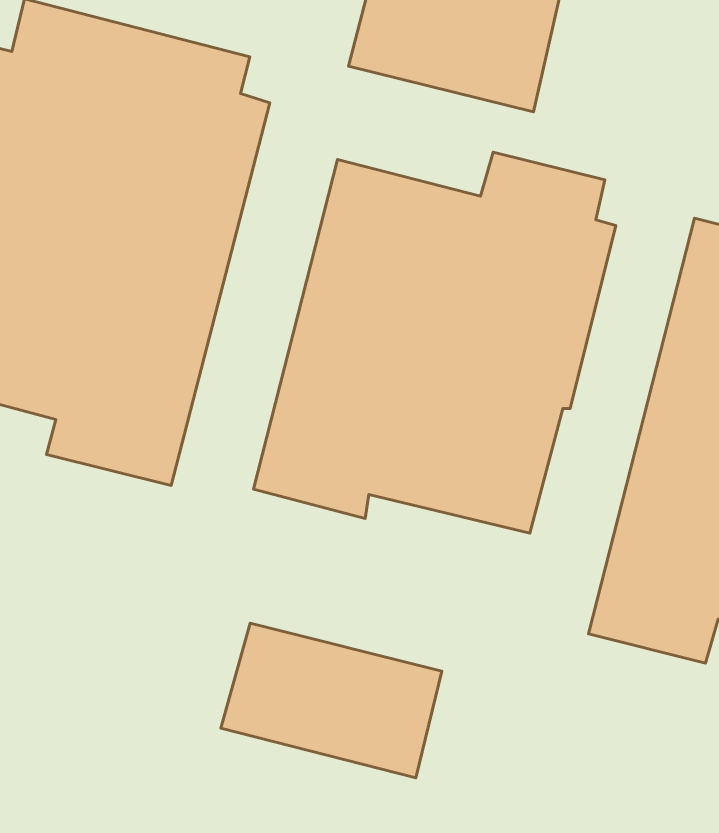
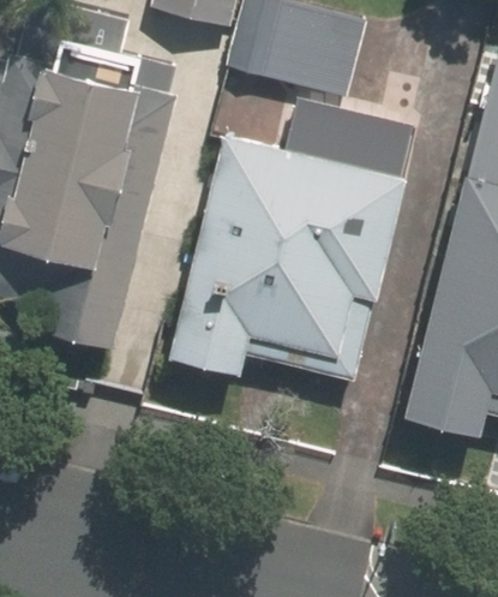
building: [221,623,442,778] -> none

